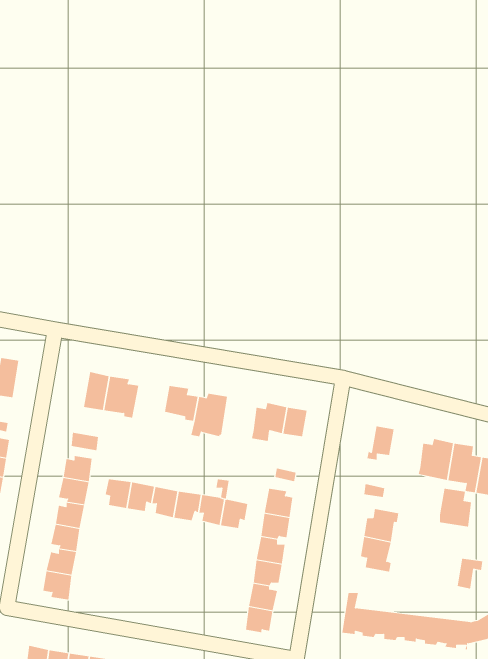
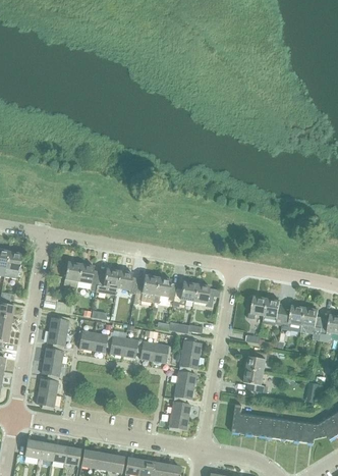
building: none -> [95,267,118,294]
building: none -> [153,276,175,303]
building: [439,488,472,527] -> [263,298,284,323]

